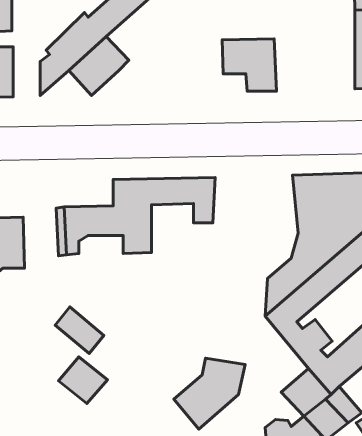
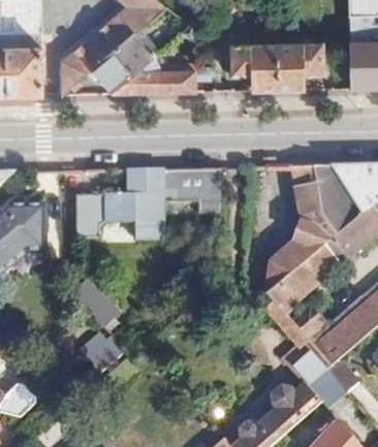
building: none -> [276,42,320,90]
building: none -> [109,70,191,94]
building: [174,358,245,429] -> none

